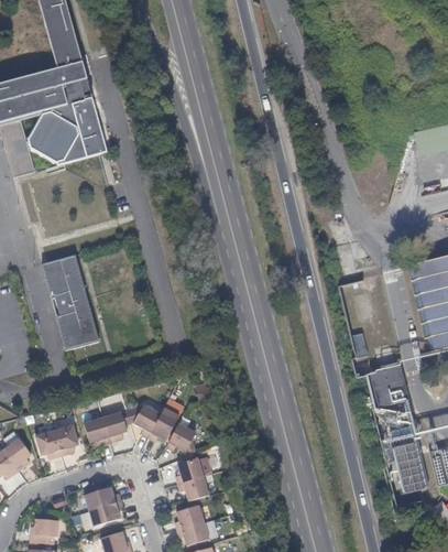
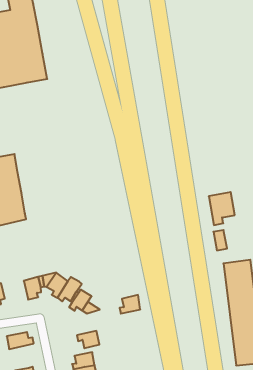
building: [84,418,110,446] -> none
building: [176,457,204,484] -> [120,295,140,314]
building: [90,499,124,524] -> none

